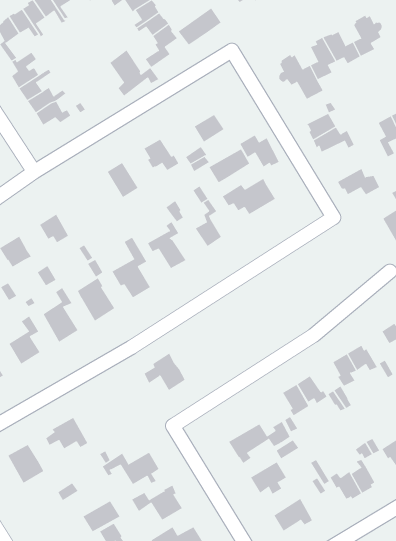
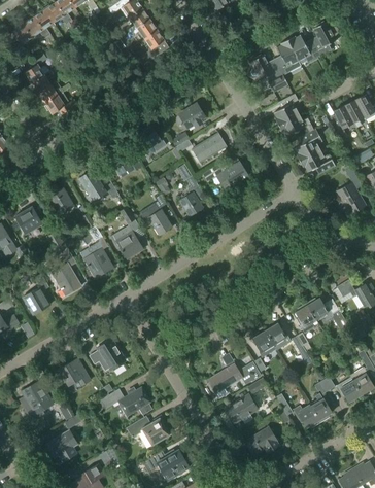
building: [178,7,221,45] -> none
building: [110,49,159,96] -> none
building: [239,135,280,168] -> none
building: none -> [294,130,319,162]
building: none -> [79,171,118,203]
building: [144,353,186,391] -> [90,339,125,371]
building: [82,500,120,532] -> [45,431,77,458]

